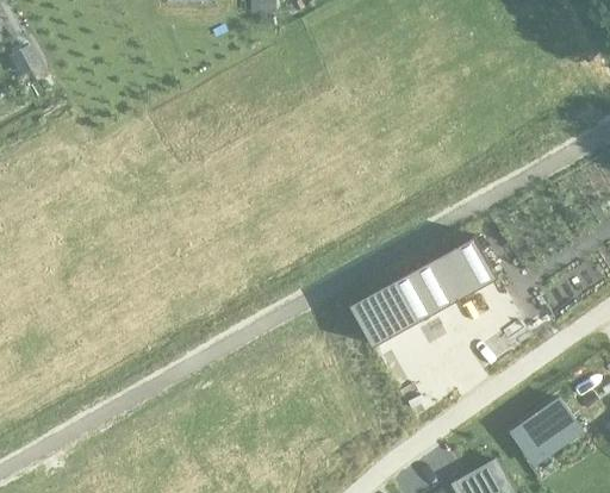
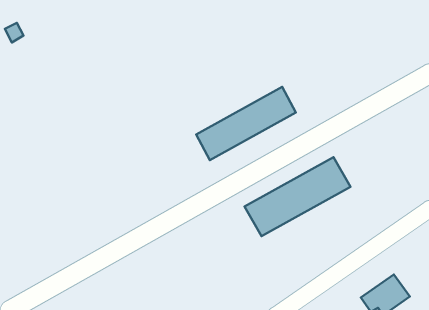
building: none -> [196,87,296,160]

